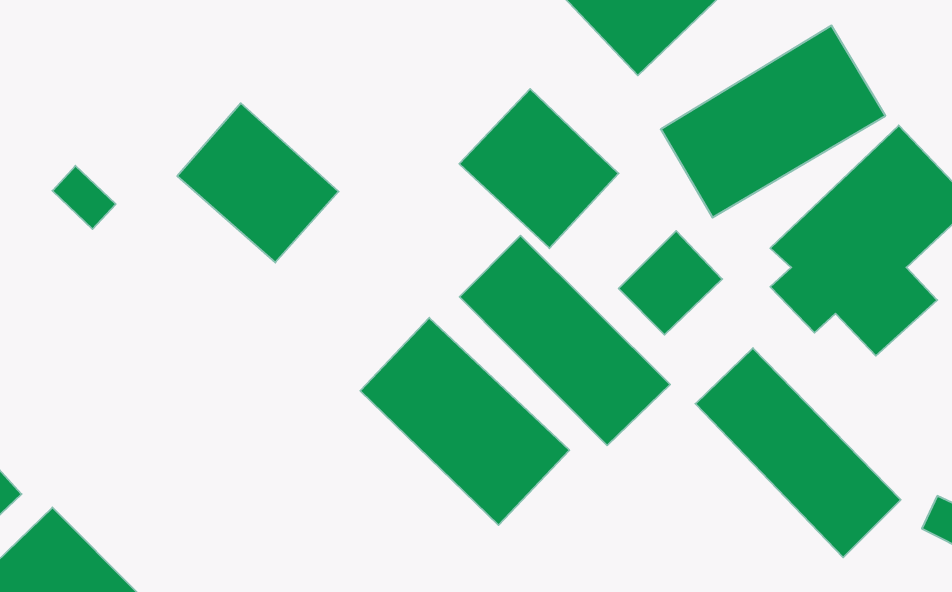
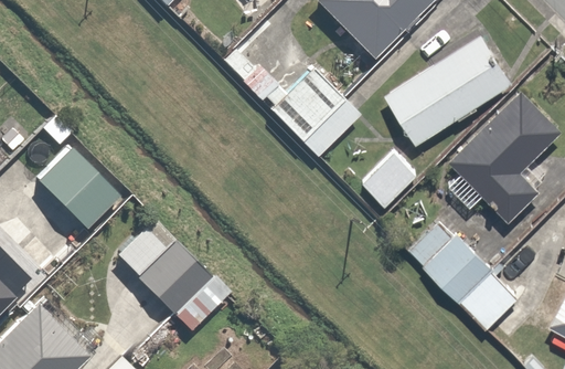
building: [177,103,339,263] -> [35,145,128,236]
building: [460,236,670,445] -> none
building: [360,318,569,525] -> [109,212,230,331]

